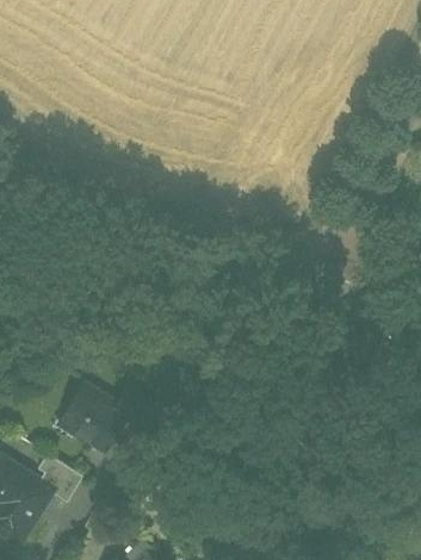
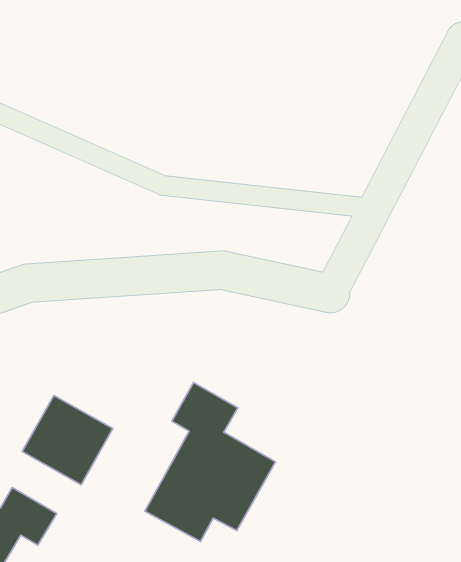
building: none -> [145,382,276,541]

